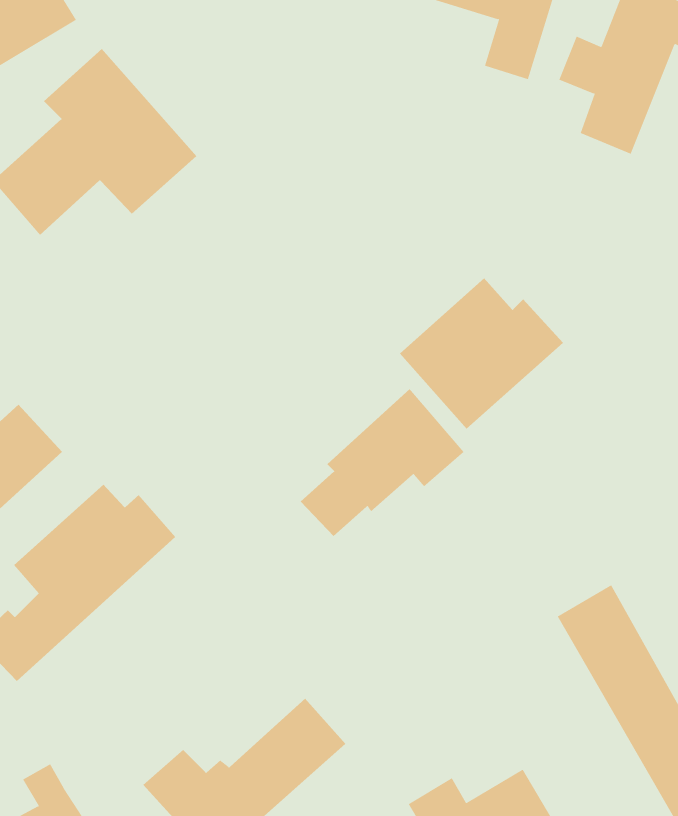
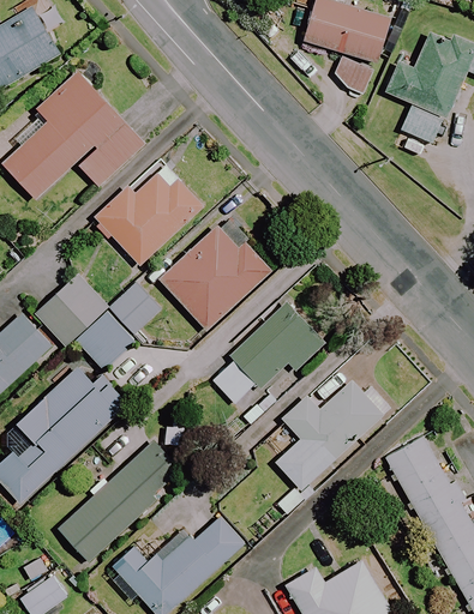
building: none -> [95,173,203,266]
building: [399,277,564,430] -> [160,227,271,330]
building: none -> [34,275,160,371]
building: none -> [275,377,386,516]
building: none -> [56,441,182,561]

